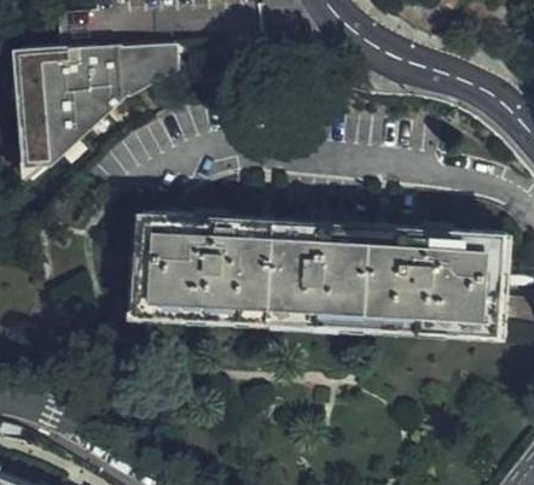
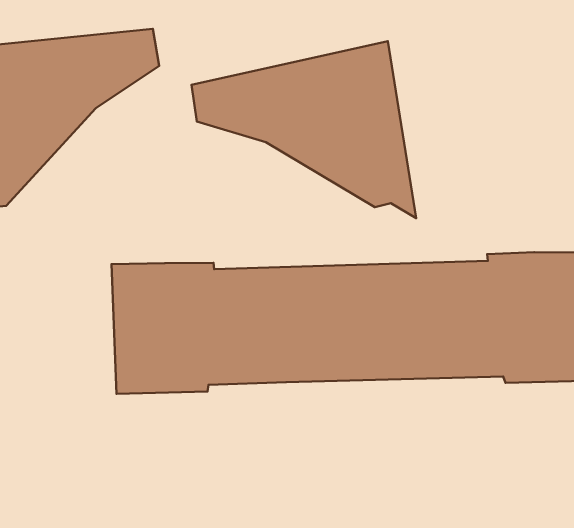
building: none -> [191,41,416,218]

